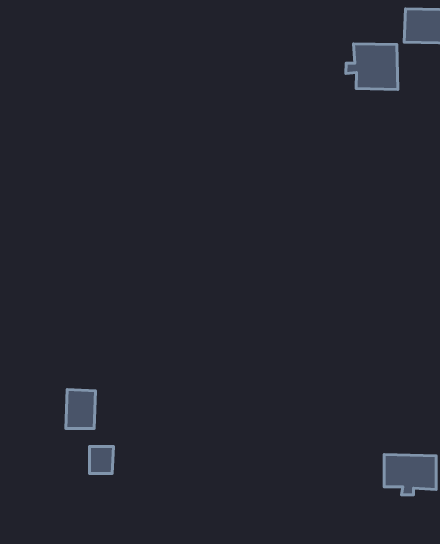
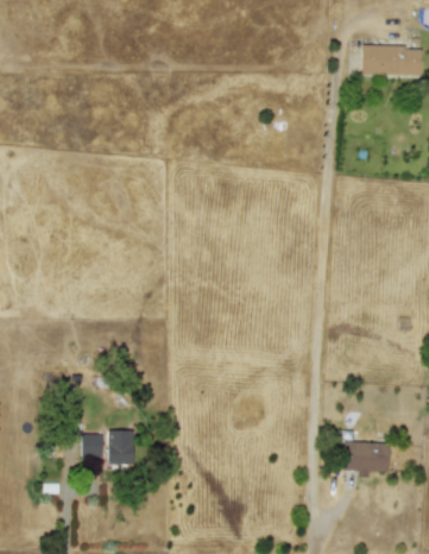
building: [346,44,398,89] -> none
building: [66,390,95,428] -> [109,429,135,464]

